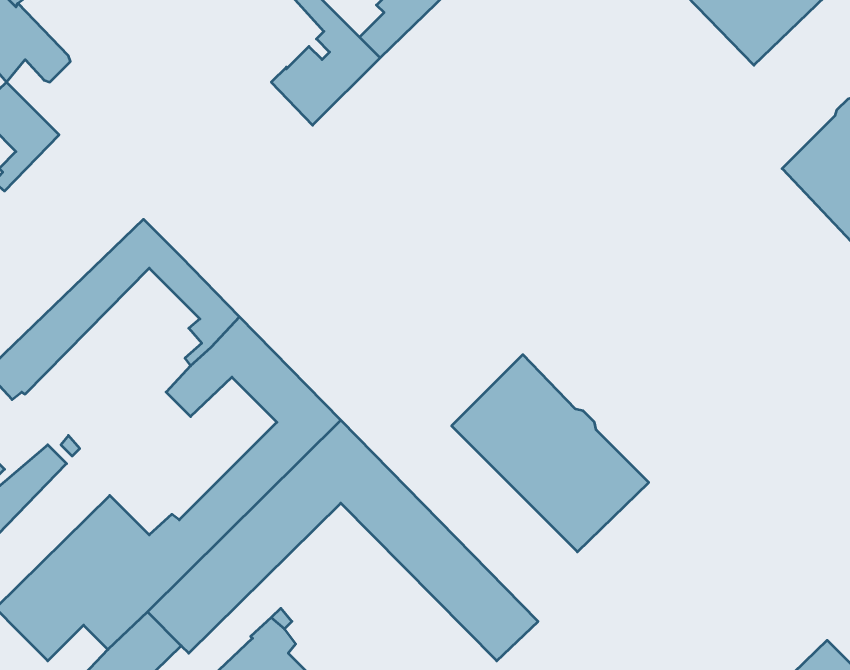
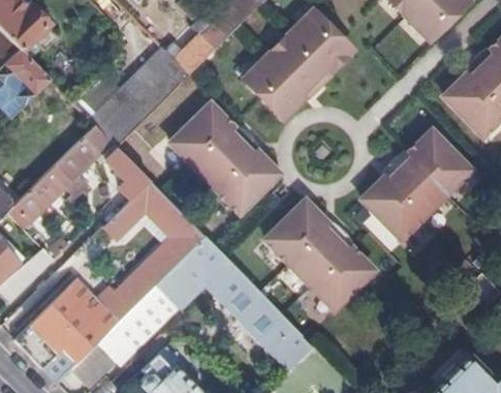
building: none -> [243,9,352,117]
building: none -> [91,48,188,146]
building: none -> [169,103,278,212]
building: none -> [362,129,470,238]

